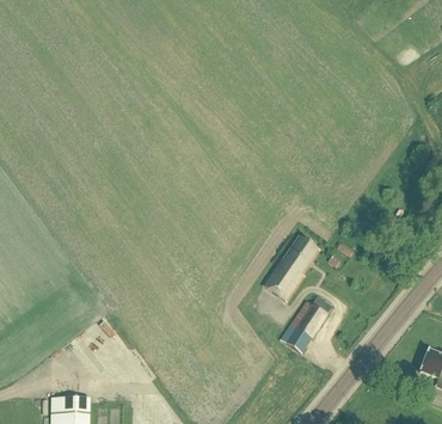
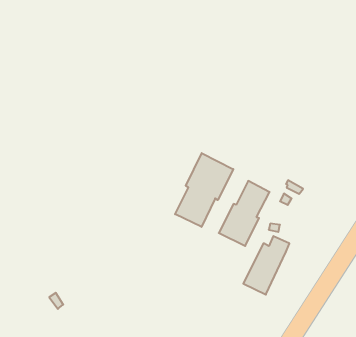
building: none -> [175,153,233,227]

